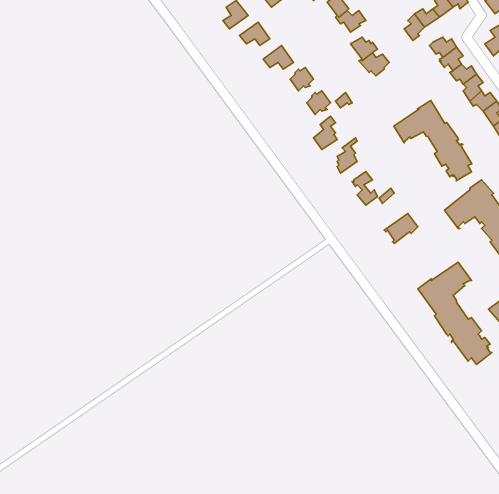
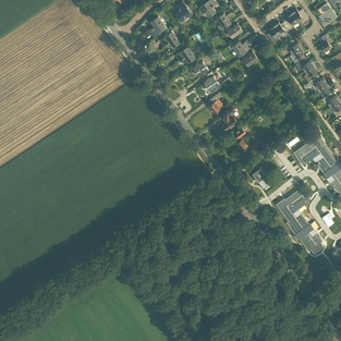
building: [394,101,472,181] -> none

